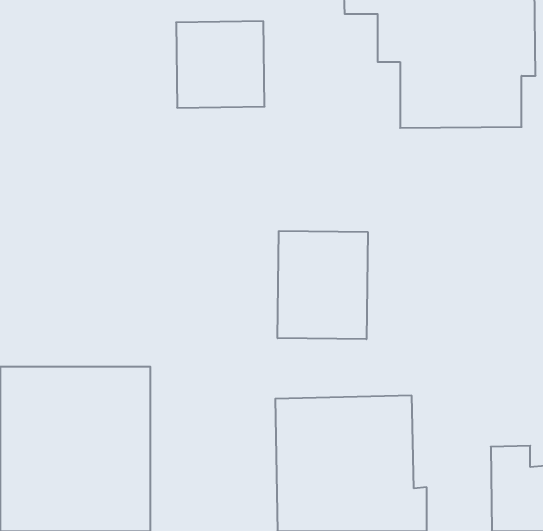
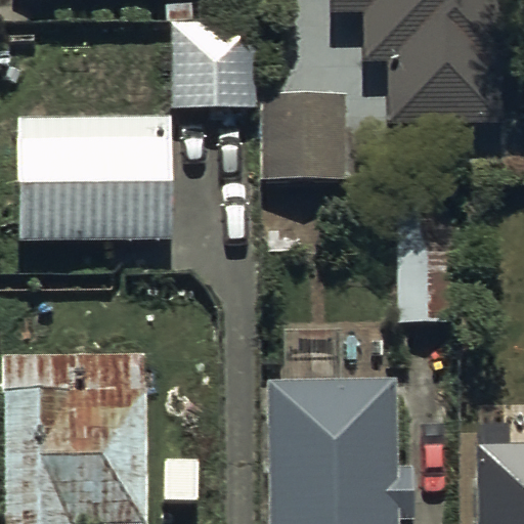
building: none -> [261,96,346,181]
building: none -> [15,117,177,271]
building: [278,231,368,339] -> none

